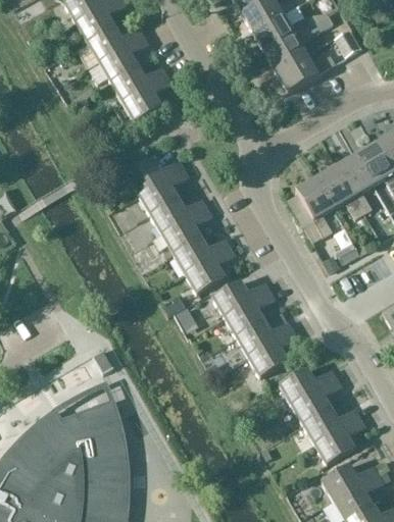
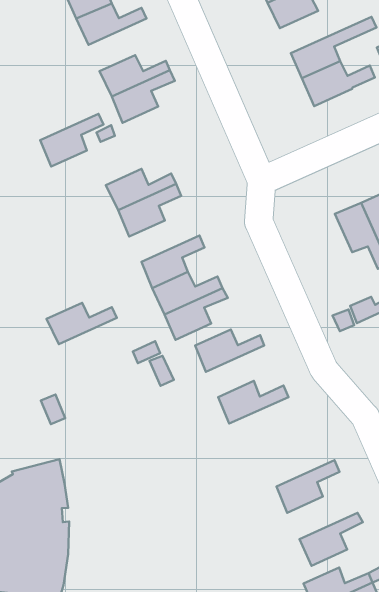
building: [254,14,312,51] -> none
building: [100,36,150,83] -> [40,114,104,167]
building: [288,177,333,238] -> none
building: [150,198,207,233] -> [46,303,117,344]
building: [225,291,276,336] -> none
building: [248,330,298,377] -> none
building: [280,368,337,404] -> none
building: [303,408,360,445] -> none

